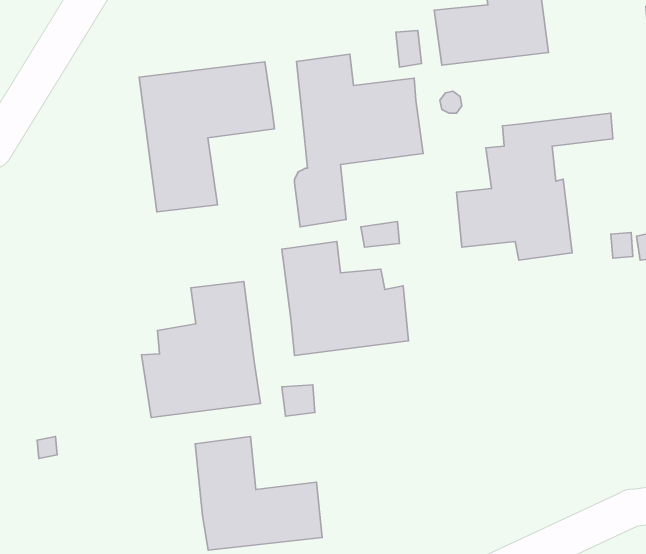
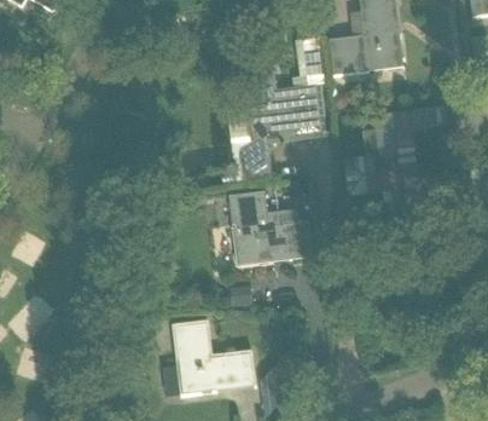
building: [139,62,275,212] -> none
building: [141,281,260,418] -> none

